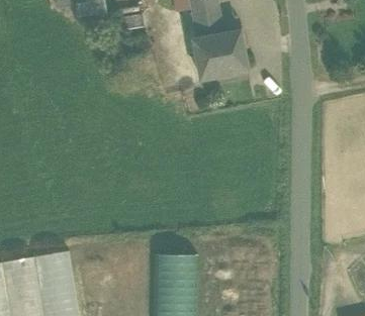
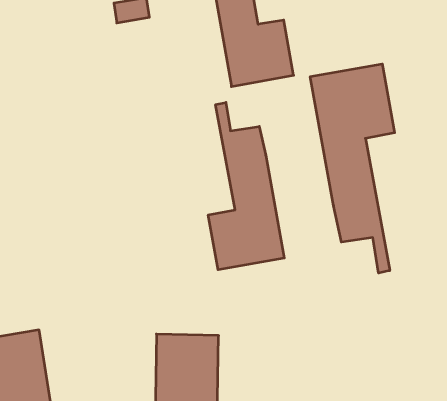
building: none -> [310,64,395,273]
building: none -> [208,102,284,270]

